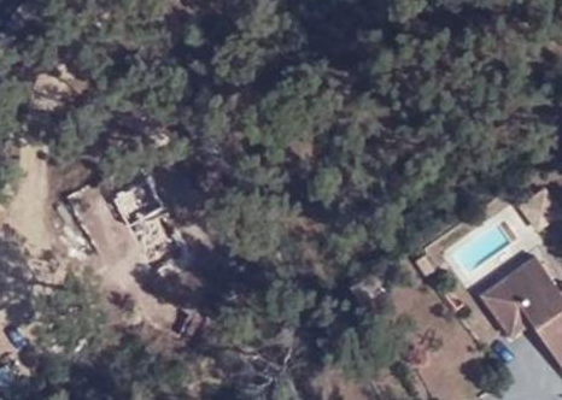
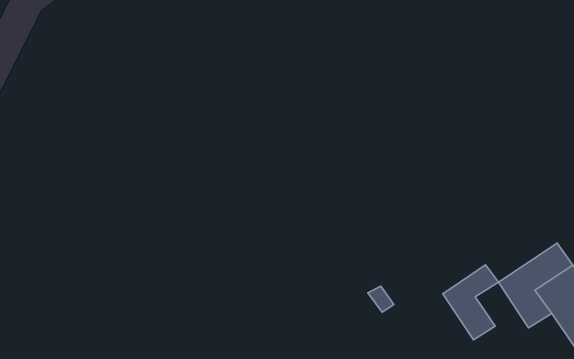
building: none -> [443,265,498,340]

